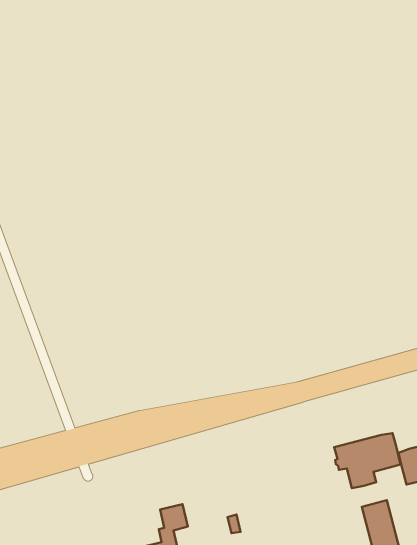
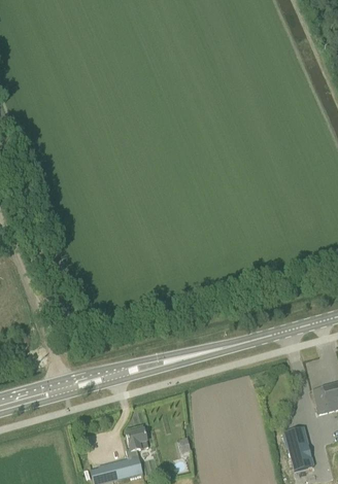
building: [334,433,400,488] -> none

